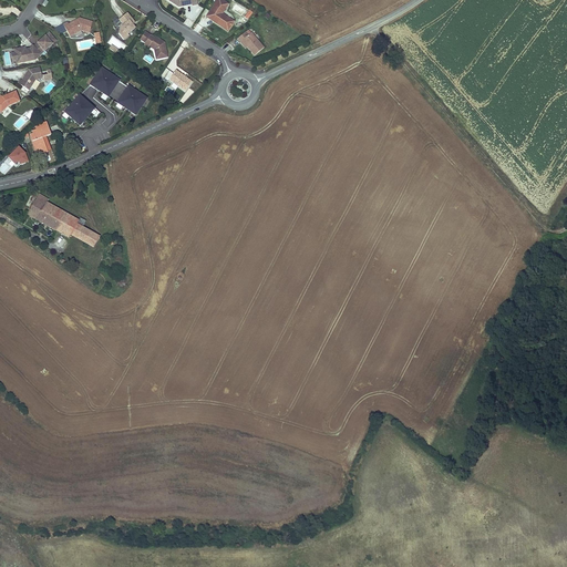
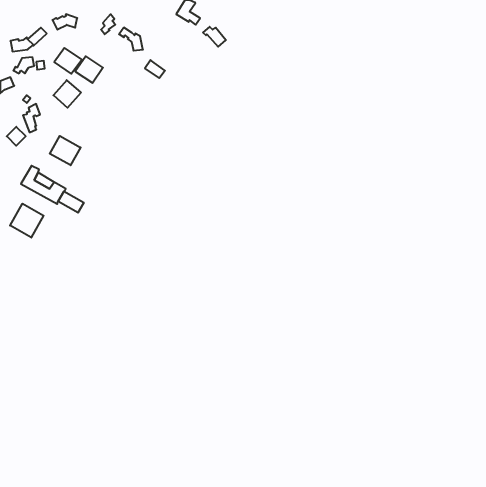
building: [116,84,148,114] -> [54,48,82,74]
building: none -> [50,136,81,165]
building: none -> [10,204,44,238]

